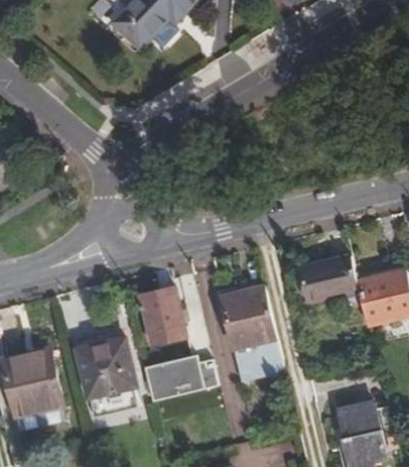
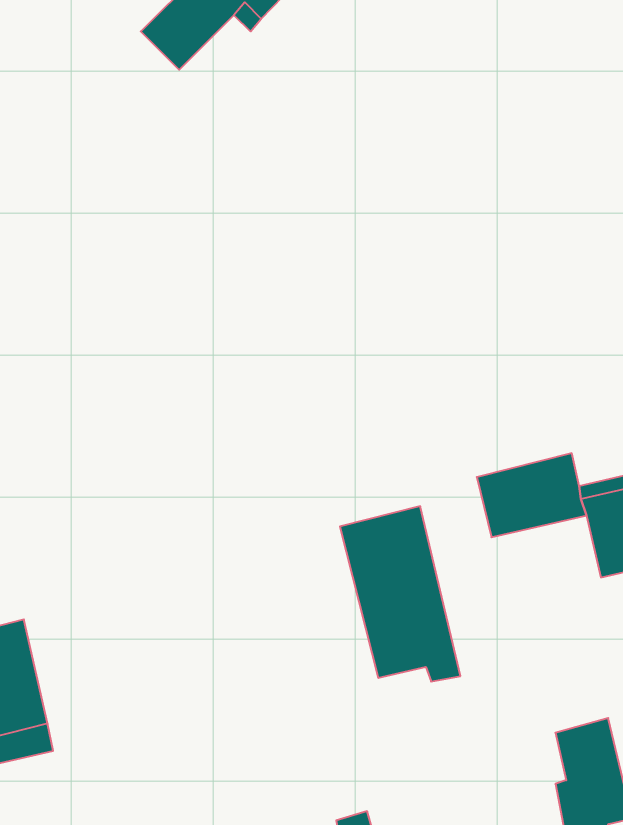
building: [140,286,189,345] -> none
building: [74,334,136,399] -> none
building: [150,356,207,399] -> none

